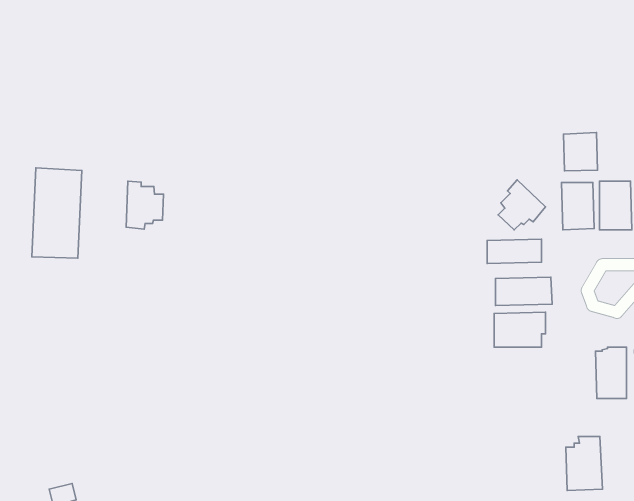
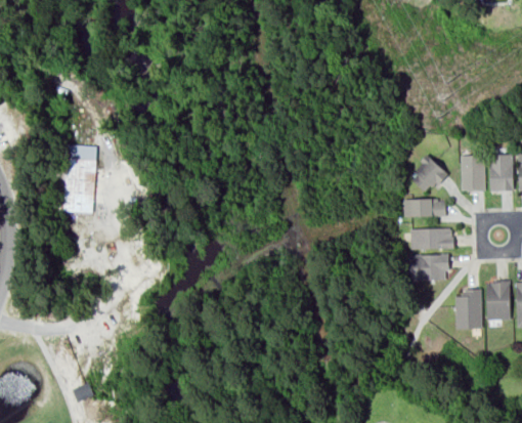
building: [563,133,598,171] -> none
building: [126,181,164,229] -> none
building: [566,436,602,490] -> [455,289,483,330]

